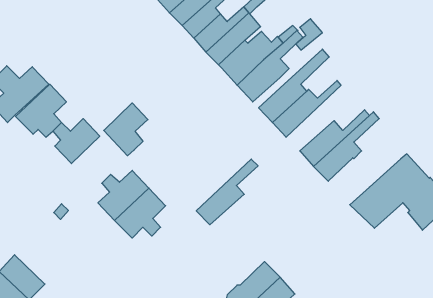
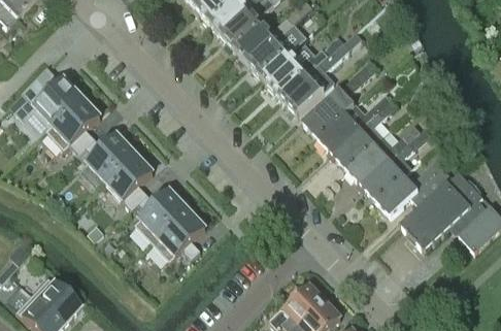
building: [104,103,148,156] -> [106,153,153,208]
building: none -> [376,159,453,216]
building: [196,159,258,225] -> [332,99,397,168]

